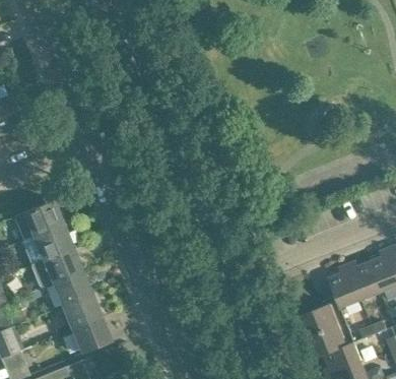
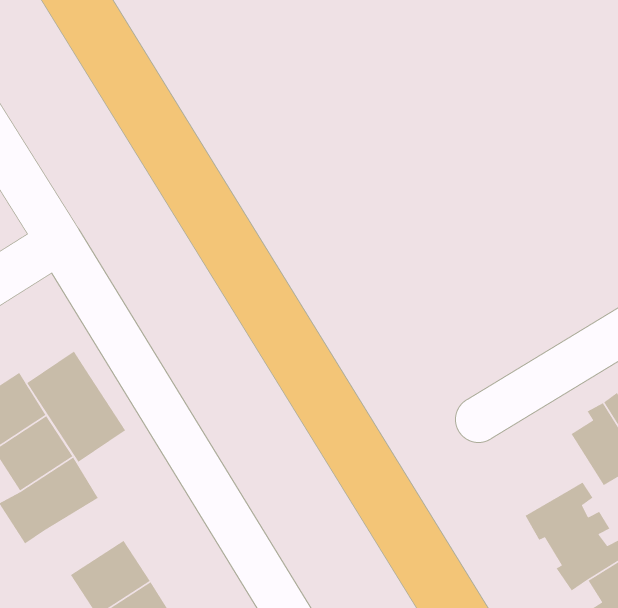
building: none -> [26,350,126,463]
building: [53,270,92,307] -> none

